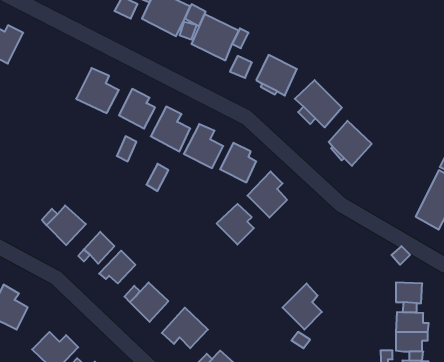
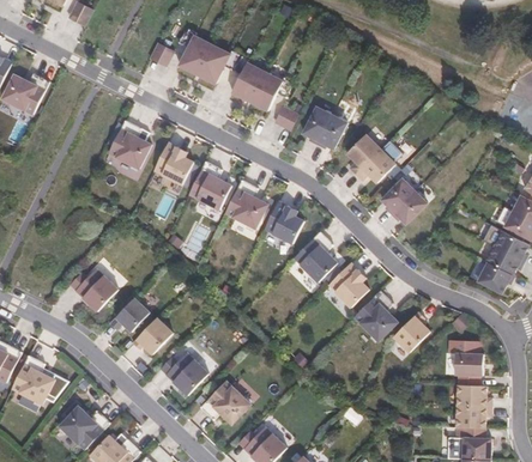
building: [217,204,254,245] -> [327,263,368,308]
building: none -> [393,312,429,353]
building: [282,283,322,330] -> [353,291,397,341]

